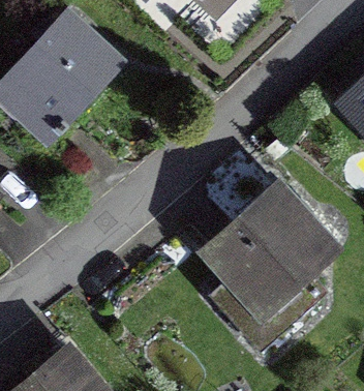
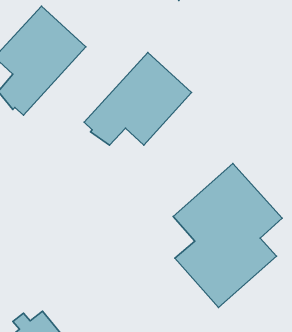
building: none -> [84,52,192,145]

